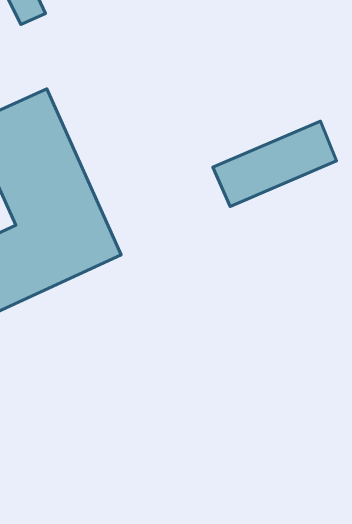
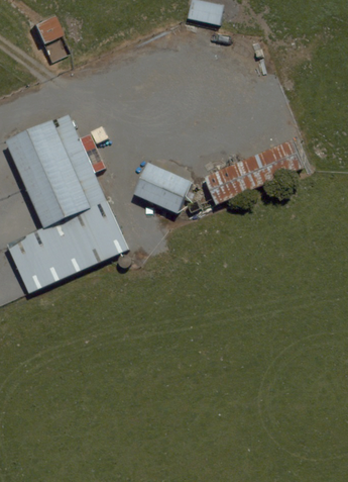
building: none -> [131,159,195,215]

